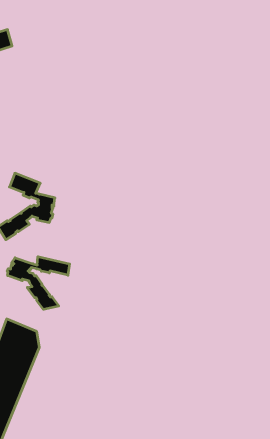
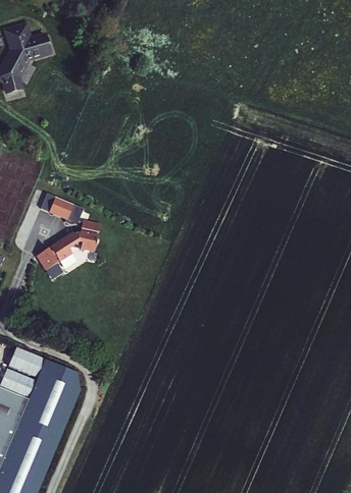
building: [7,257,70,309] -> none

